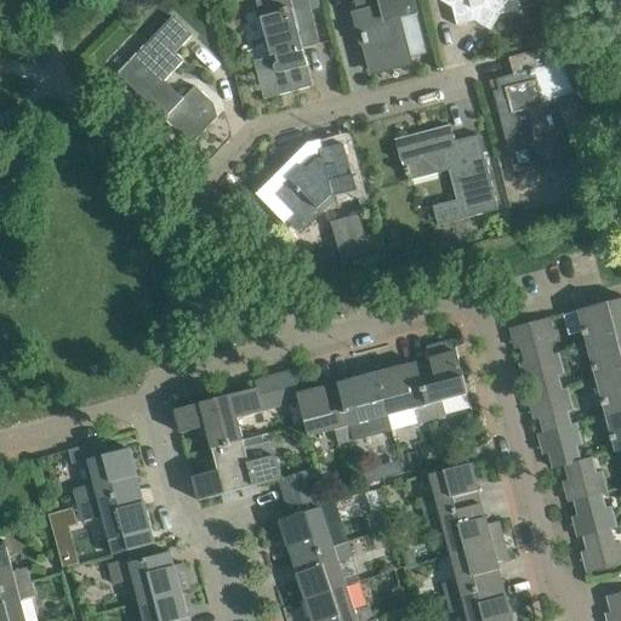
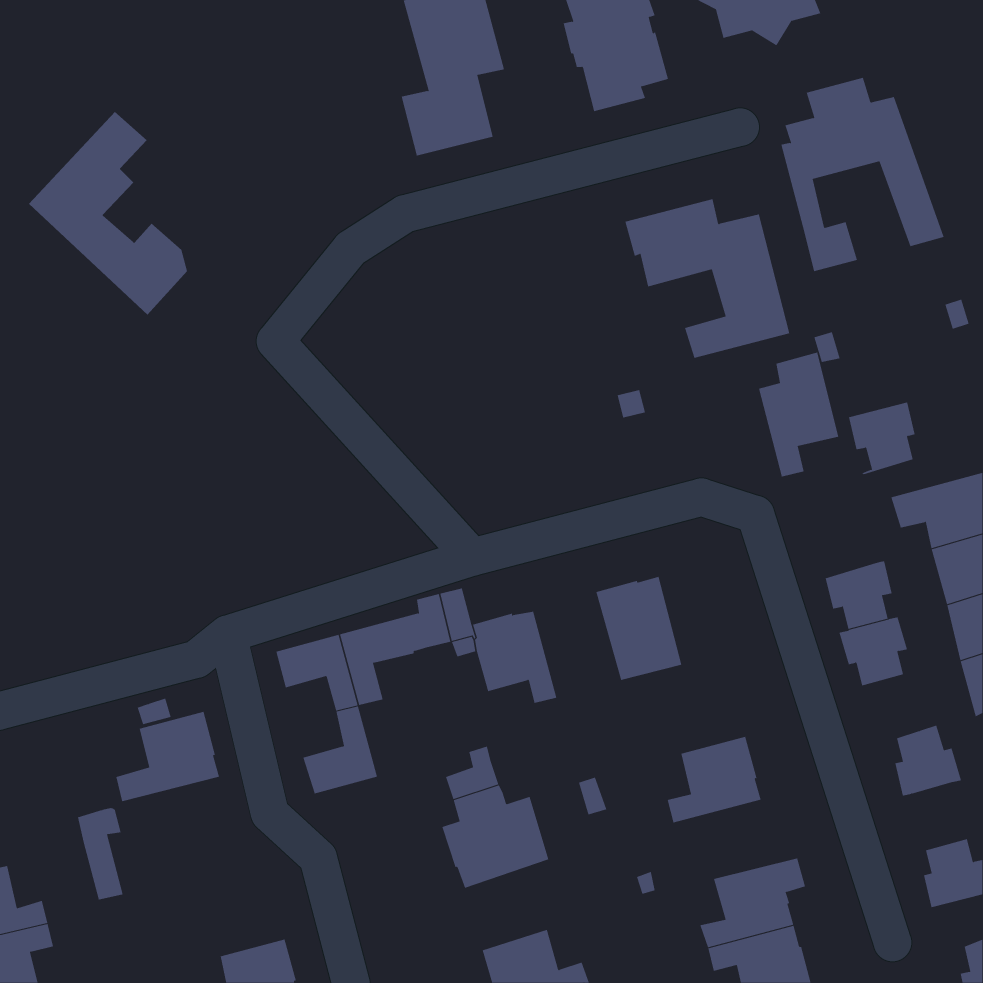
building: [115,16,216,144] -> [28,111,188,315]
building: [267,143,353,234] -> none
building: [330,213,371,264] -> none
building: [509,318,552,364] -> [848,402,916,475]
building: [415,340,466,418] -> [758,352,839,477]
building: [336,372,391,439] -> none
building: [537,423,580,468] -> none
building: [226,434,279,489] -> none
building: [76,489,154,553] -> none
building: [571,492,614,536] -> none
building: [423,503,502,553] -> none
building: [292,541,351,598] -> none
building: [107,551,188,602] -> none

